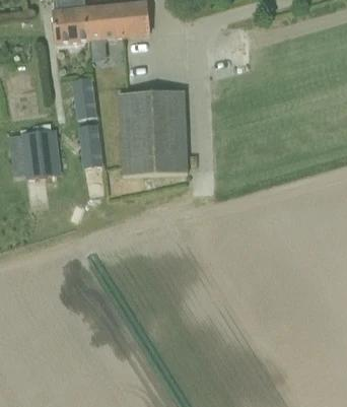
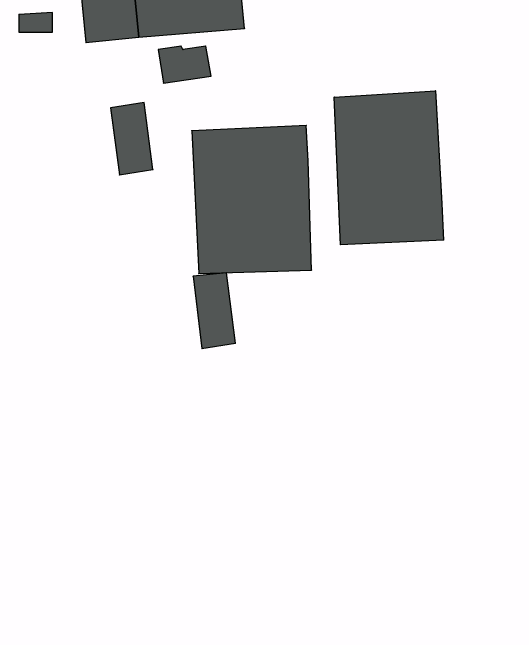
building: none -> [334,91,444,245]
building: [77,124,101,167] -> [193,273,235,349]
building: [18,129,60,177] -> none

